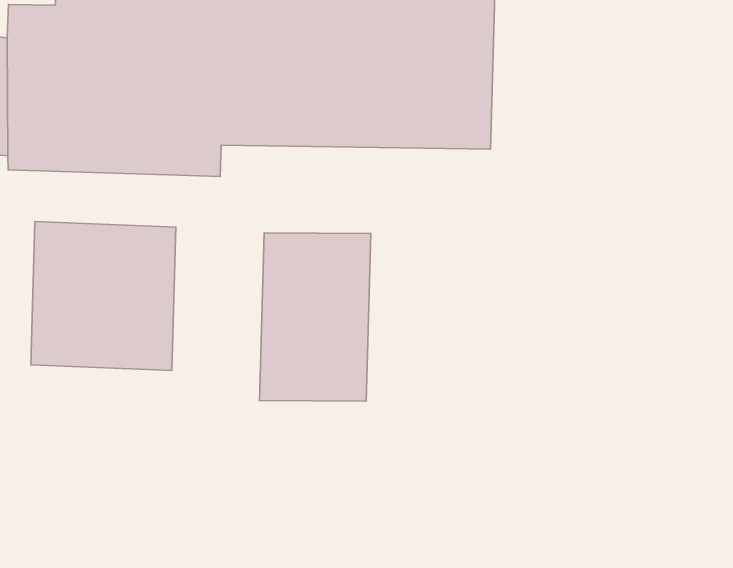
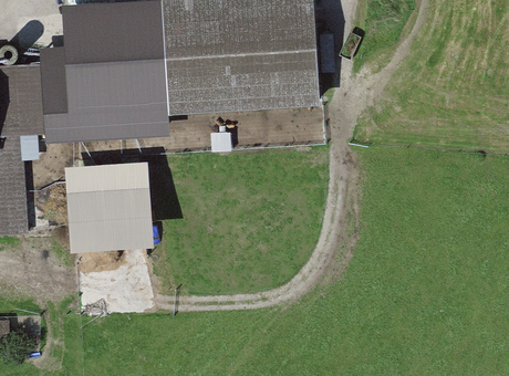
building: [260,233,371,401] -> none

